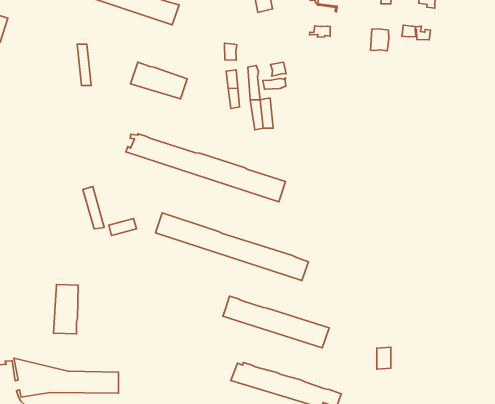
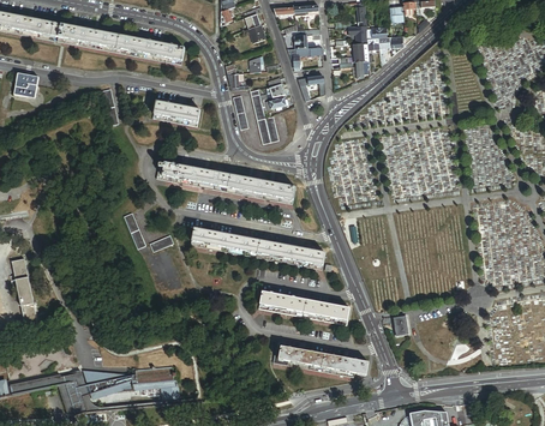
building: [53,285,78,334] -> none

